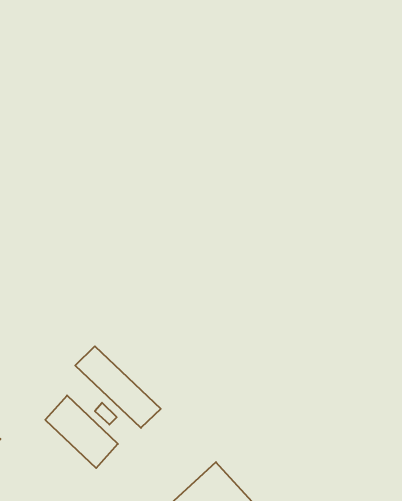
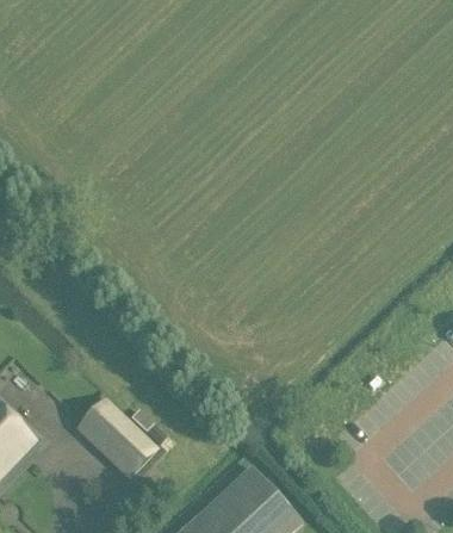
building: [75,346,161,428] -> none

